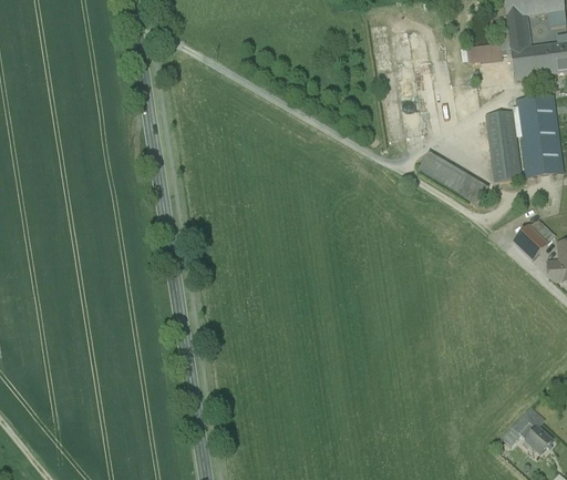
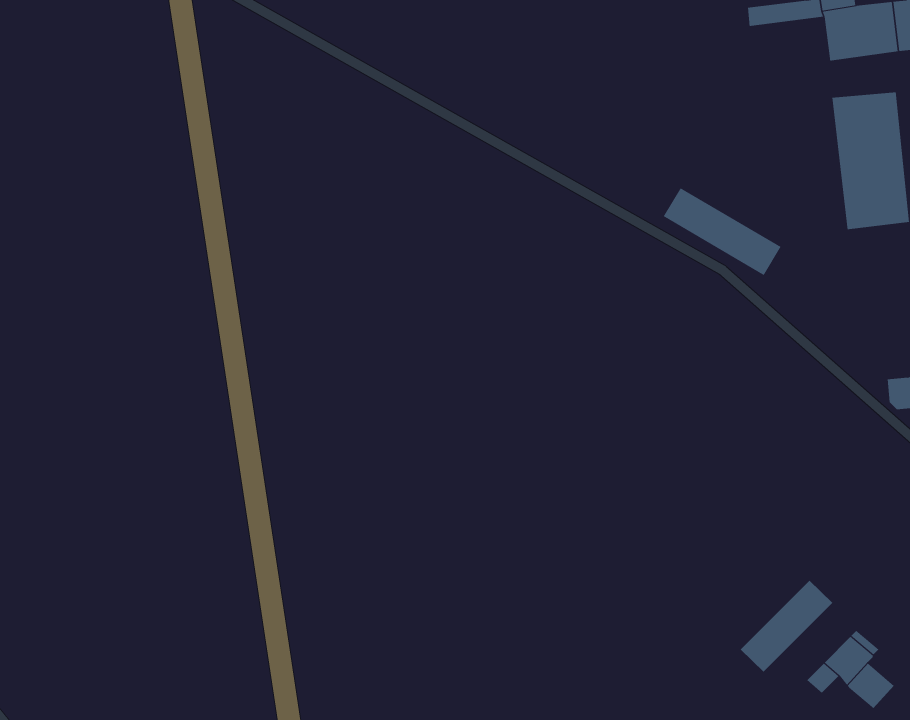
building: [486,111,520,180] -> none
building: [513,219,555,259] -> none
building: none -> [740,580,833,672]

